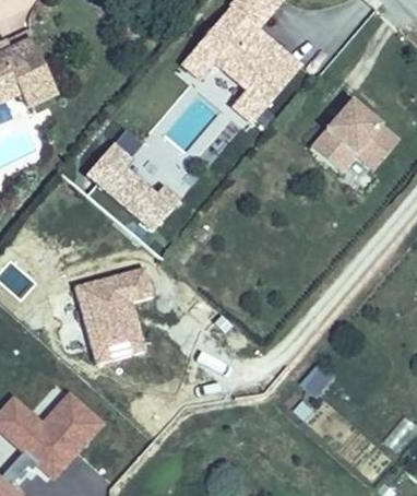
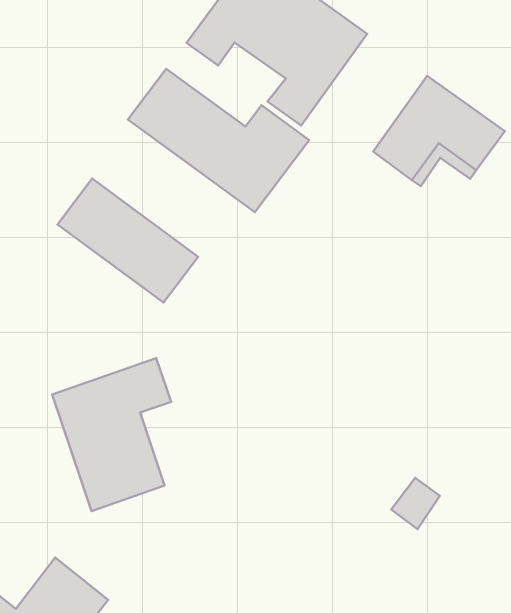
building: none -> [128,69,309,212]

